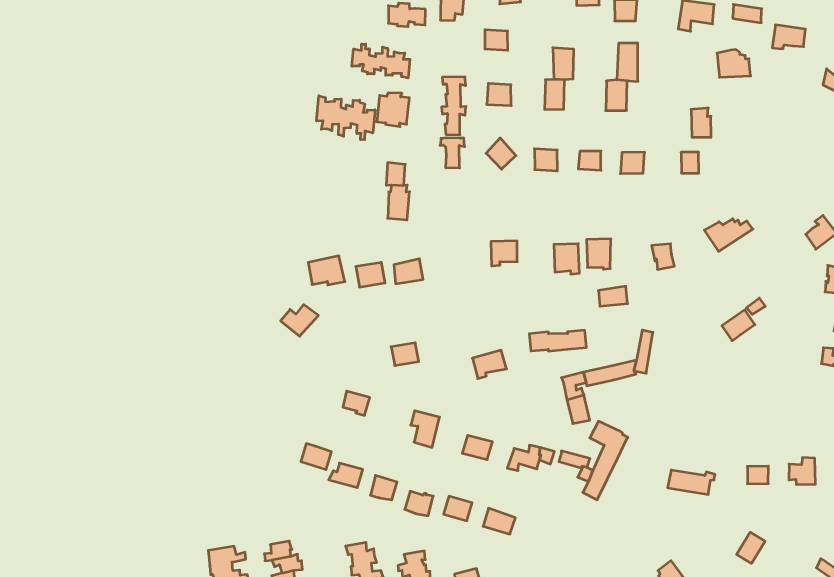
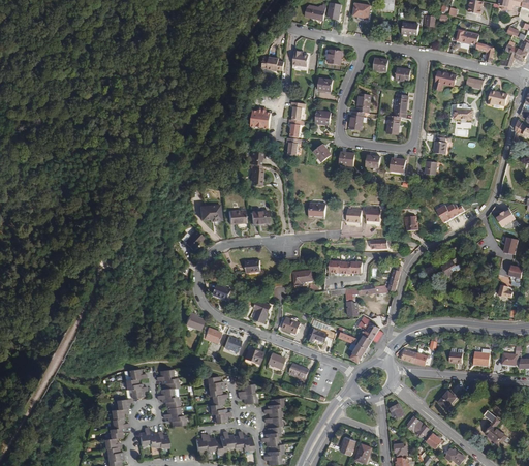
building: [352,44,410,78] -> none
building: [317,96,375,140] -> none

